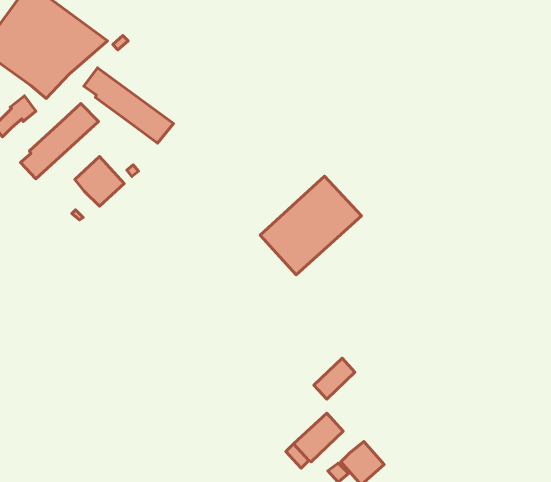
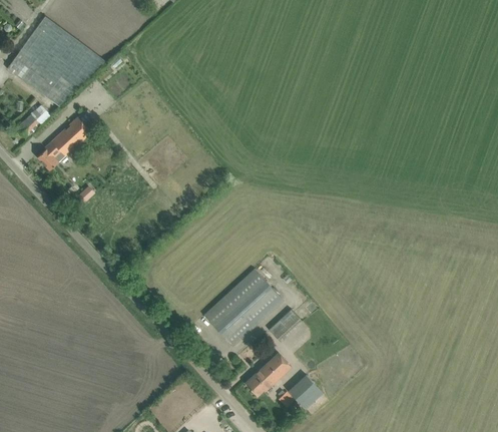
building: [84,68,173,143] -> none
building: [75,157,124,206] -> none
building: [260,176,362,275] -> [203,269,283,346]

